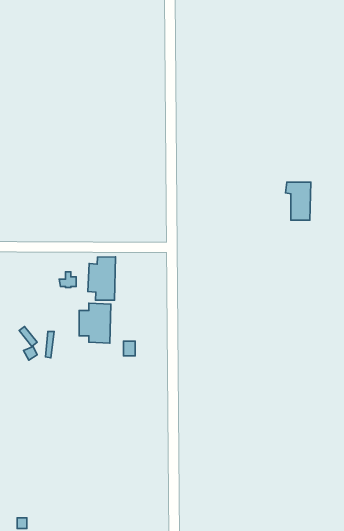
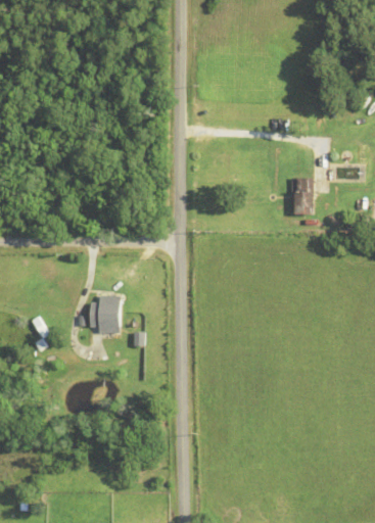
building: [88,257,116,300] -> none

